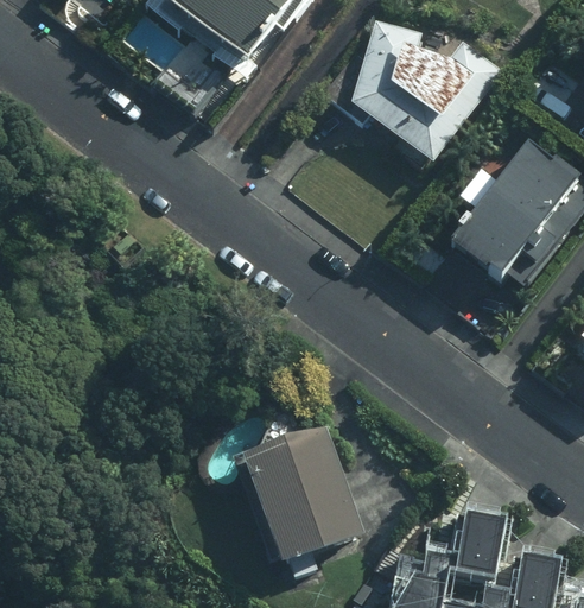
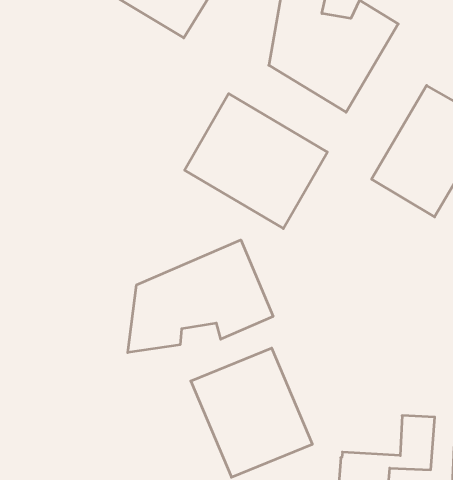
building: none -> [185,94,327,229]
building: none -> [128,240,273,353]

